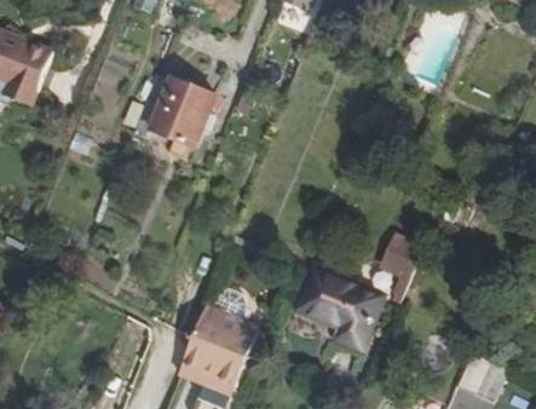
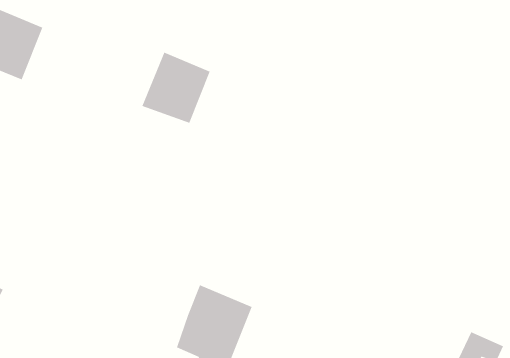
building: [379,232,416,286] -> none
building: [294,267,380,351] -> none

